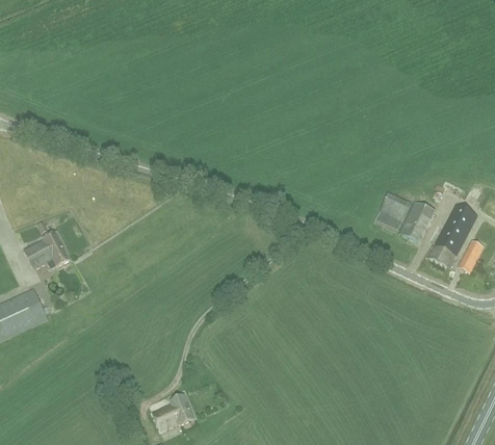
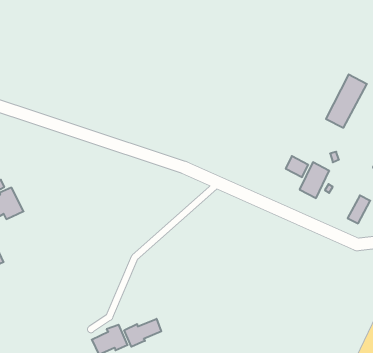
building: [427,203,476,266] -> [326,74,367,128]
building: none -> [124,319,161,347]

